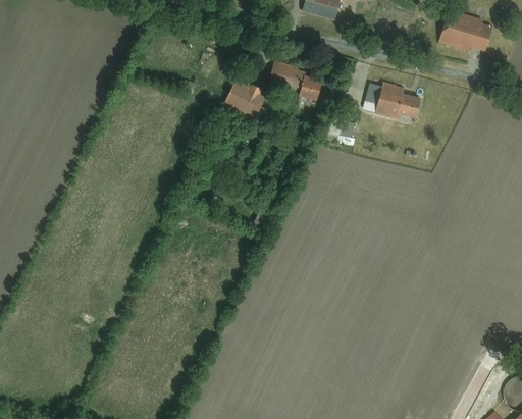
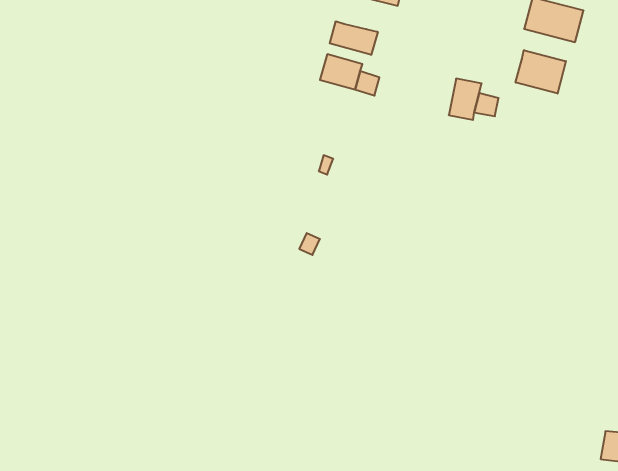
building: none -> [330,21,378,55]
building: none -> [516,50,566,94]
building: [227,80,264,116] -> none

